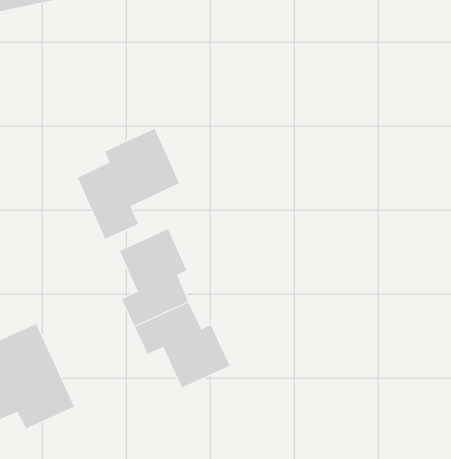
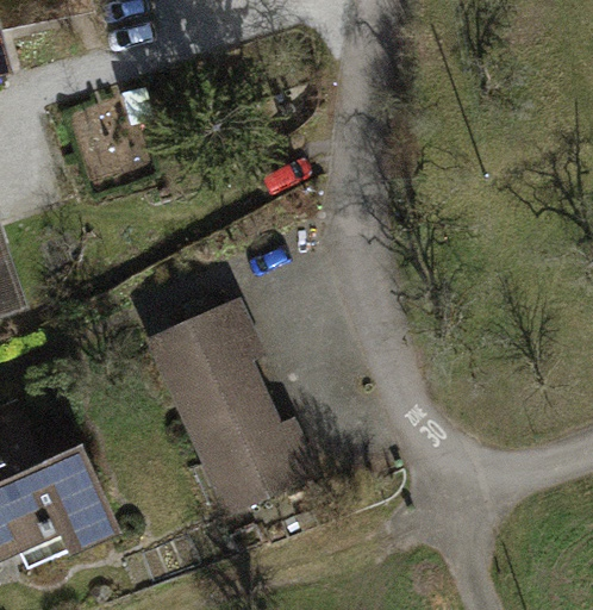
building: [77,128,180,240] -> none

